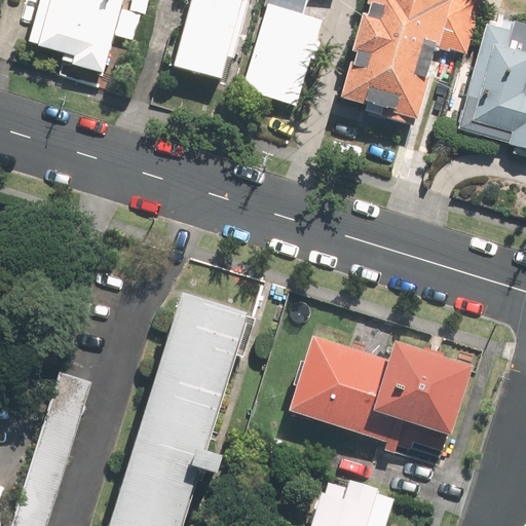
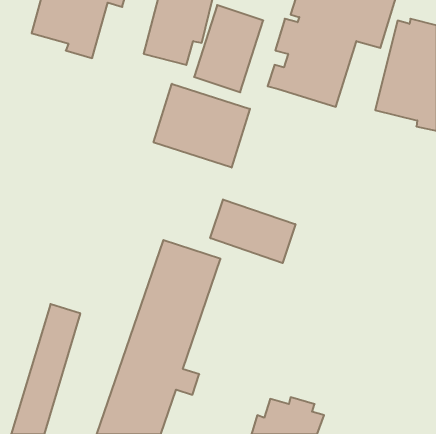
building: none -> [154,84,250,168]
building: none -> [210,199,295,263]
building: [283,332,471,460] -> none

